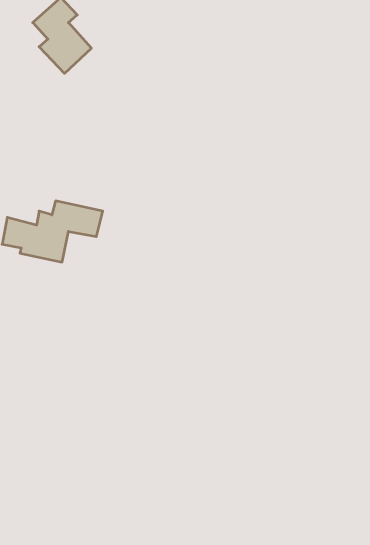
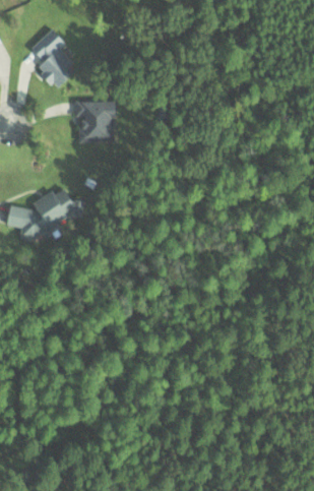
building: none -> [76,101,116,143]

